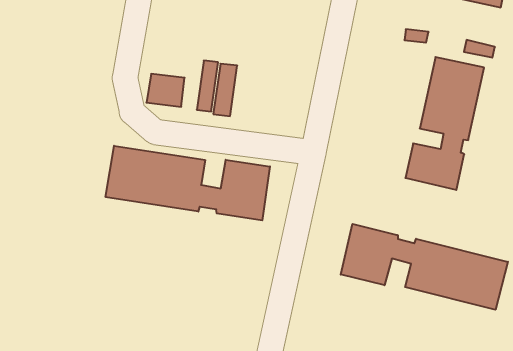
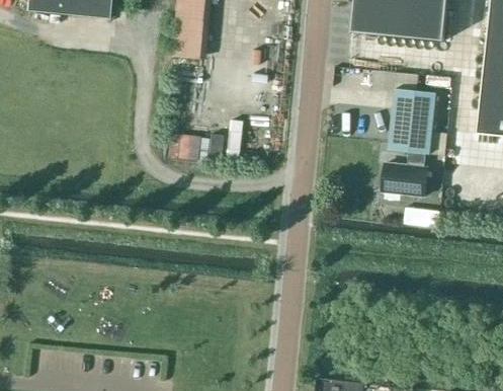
building: [106,146,270,220] -> none
building: [341,224,508,310] -> none

